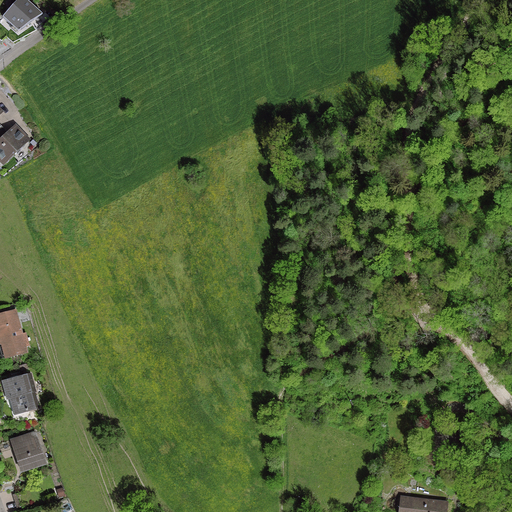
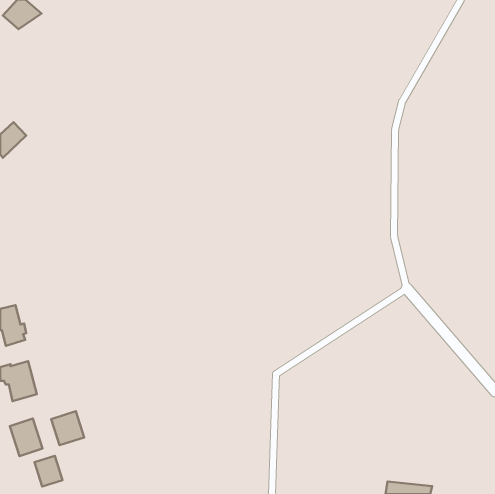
building: none -> [51,411,84,445]
building: none -> [34,456,63,486]

